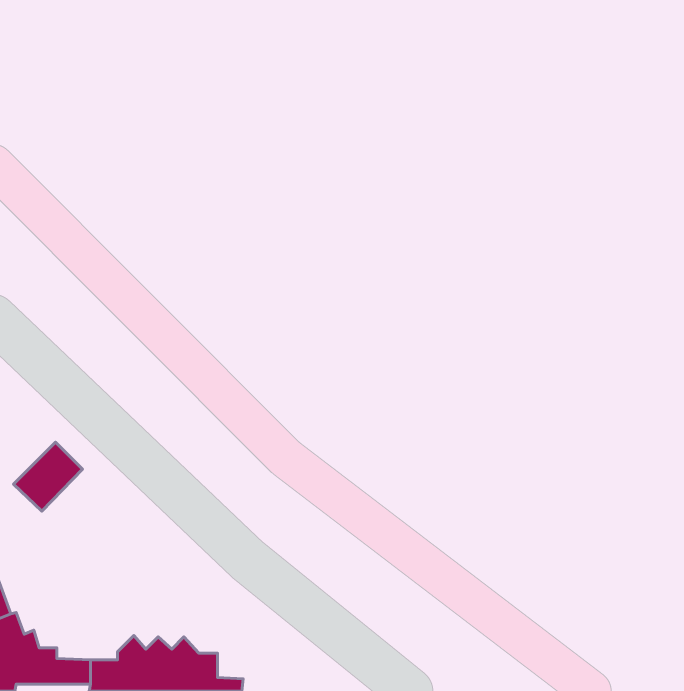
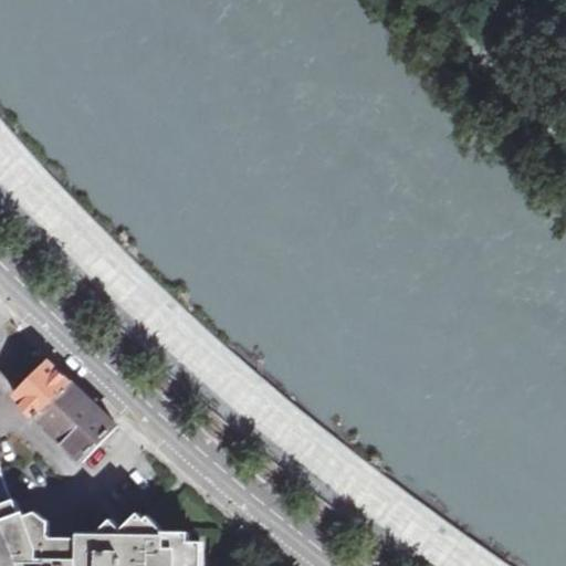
building: none -> [34,384,113,461]

